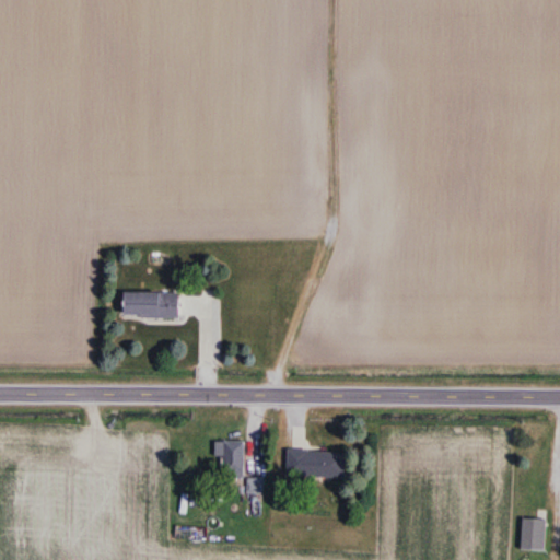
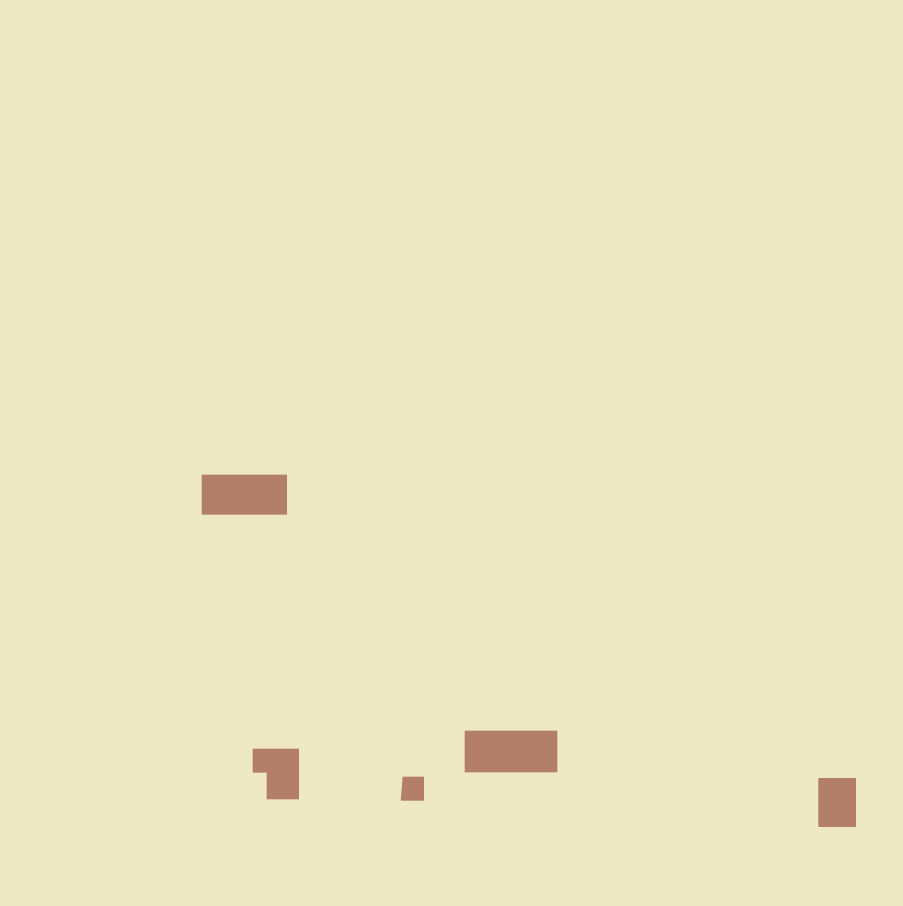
building: [214,442,244,474] -> [252,748,300,800]
building: [518,517,542,548] -> [818,778,857,827]

